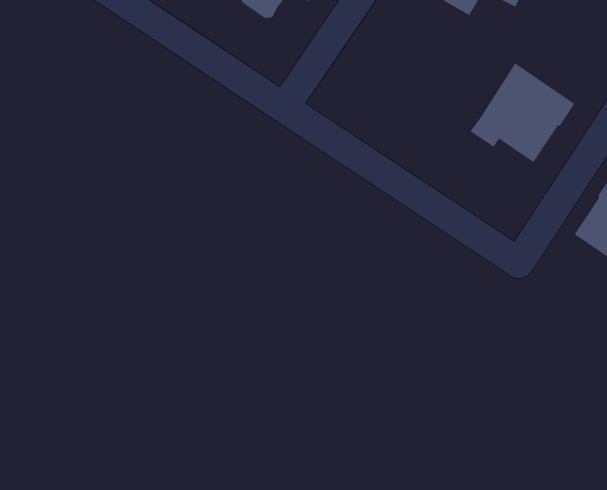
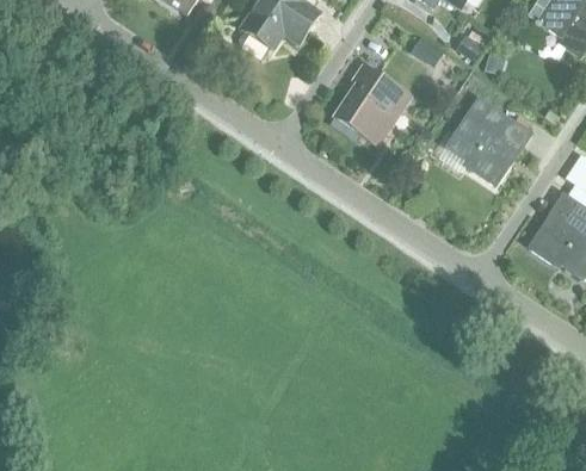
building: none -> [334,66,409,145]

